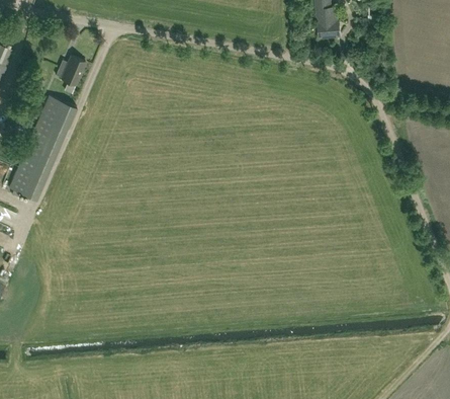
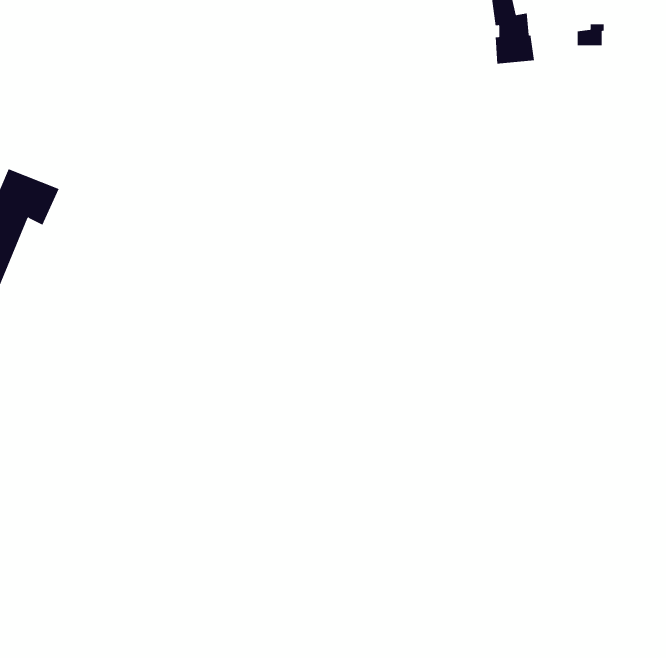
building: [56,56,85,85] -> none

